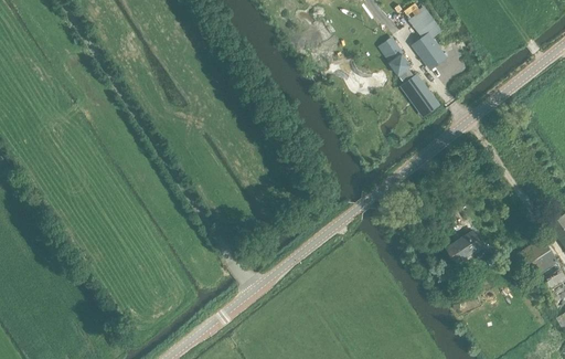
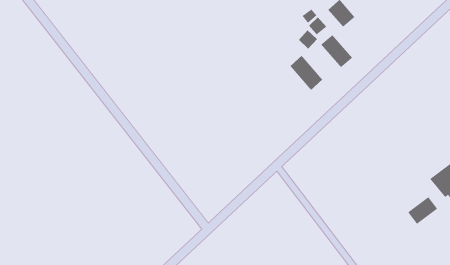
building: none -> [289,55,323,91]
building: [447,231,483,263] -> [407,196,438,225]

